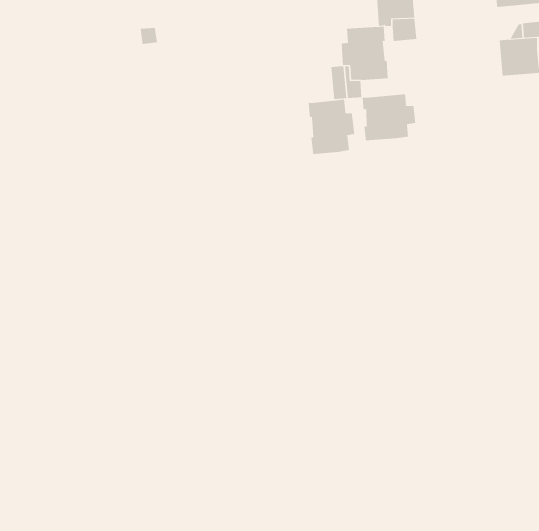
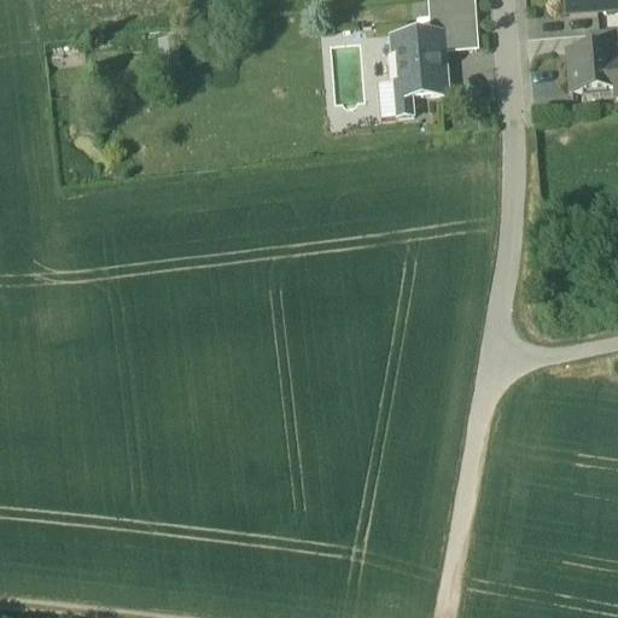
building: [362,94,416,141] -> none
building: [308,99,355,155] -> none

